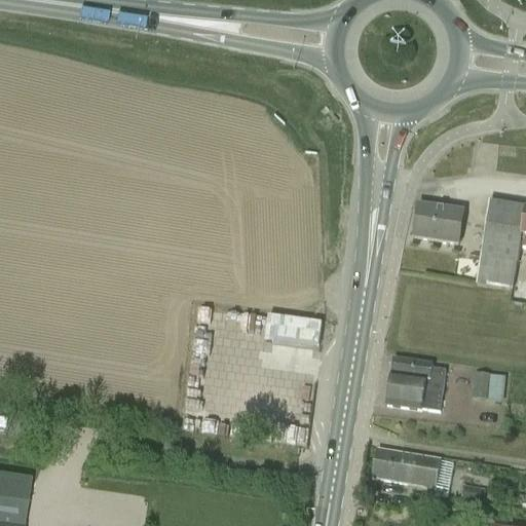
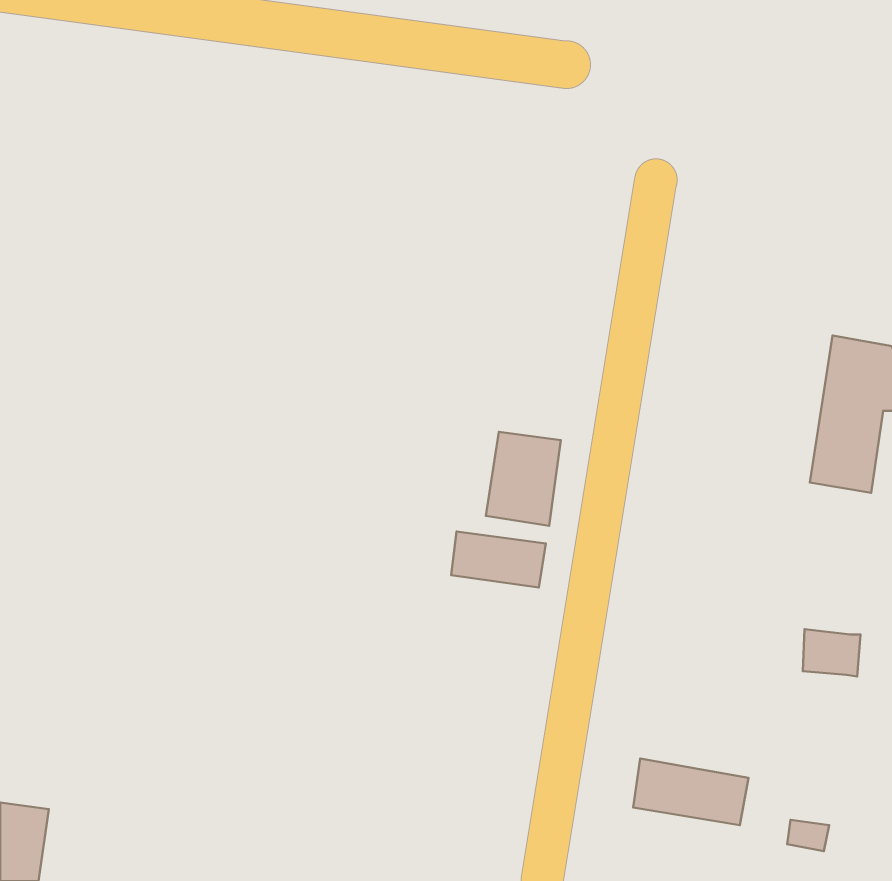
building: [415,202,462,241] -> none
building: none -> [486,432,561,526]
building: [387,355,447,408] -> none

